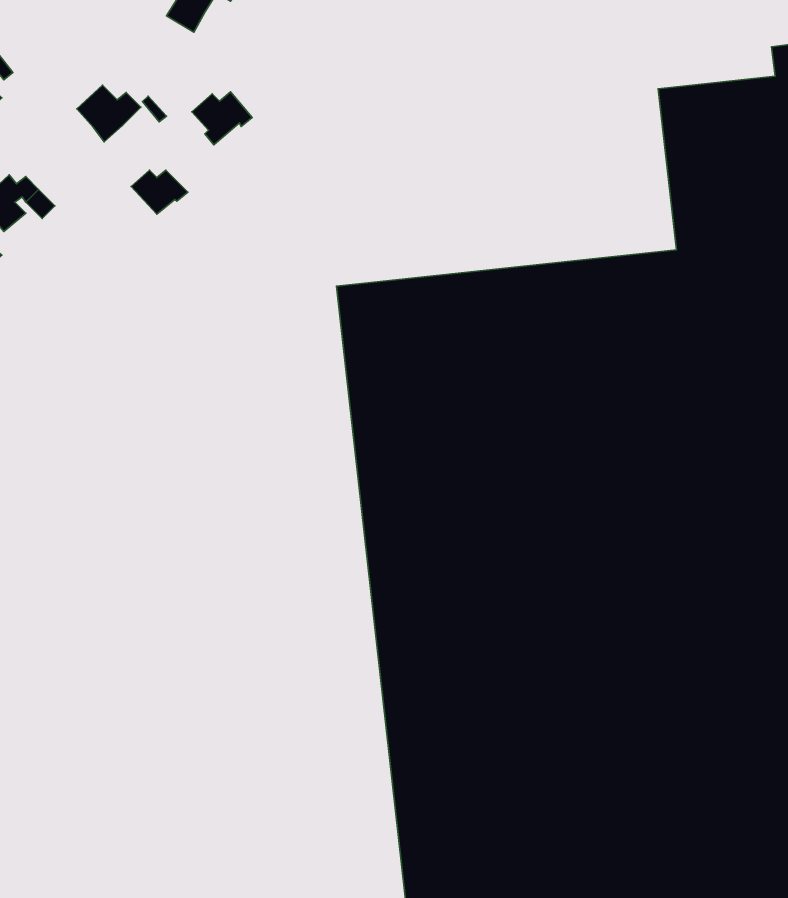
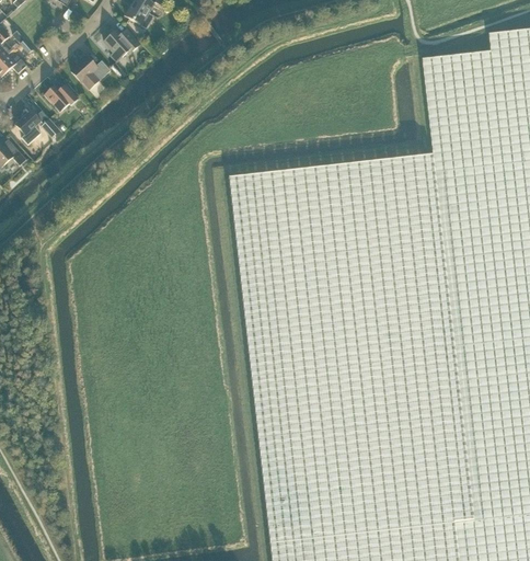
building: [192,92,252,145] -> [105,28,141,60]
building: [131,170,188,214] -> [46,84,80,111]

